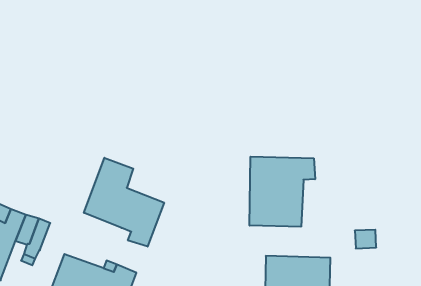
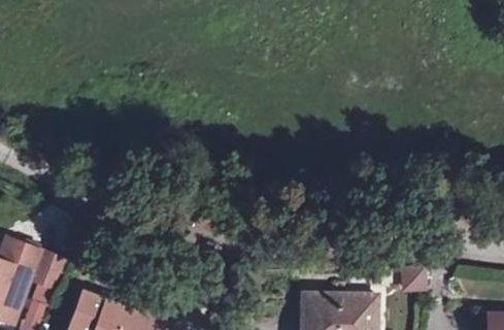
building: [250,157,315,227] -> none
building: [84,158,164,247] -> none

